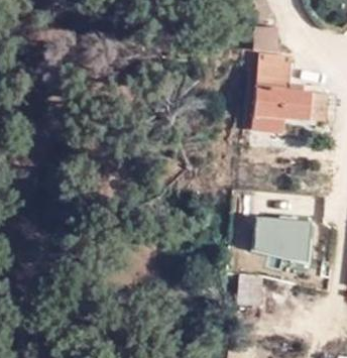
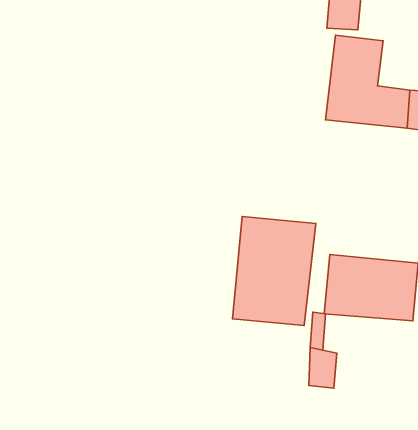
building: none -> [232,216,316,326]

